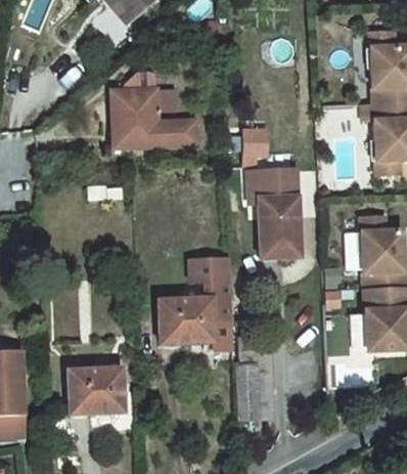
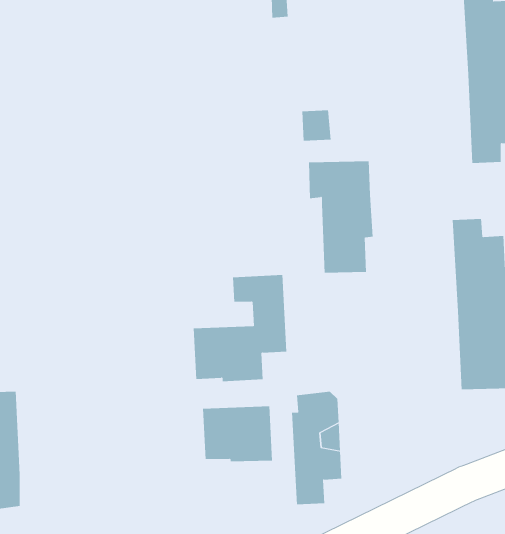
building: [110,88,195,146] -> none
building: [67,368,123,412] -> [202,406,273,462]

